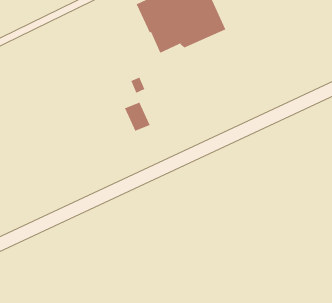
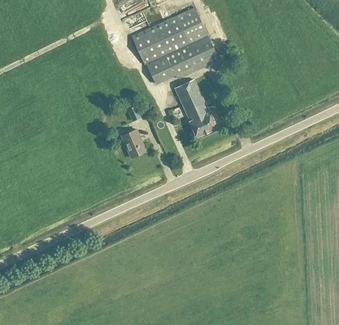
building: none -> [174,79,216,137]

